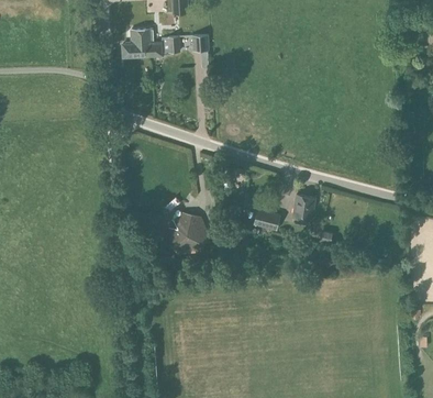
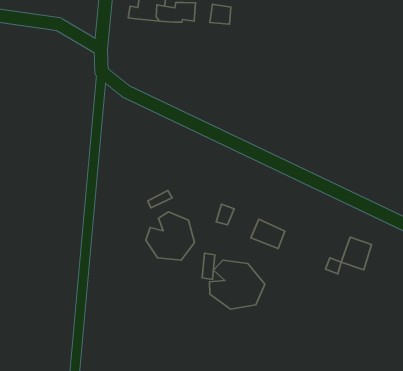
building: [291,194,314,219] -> [341,237,372,270]
building: none -> [209,260,265,309]

